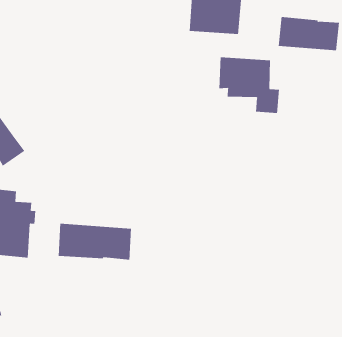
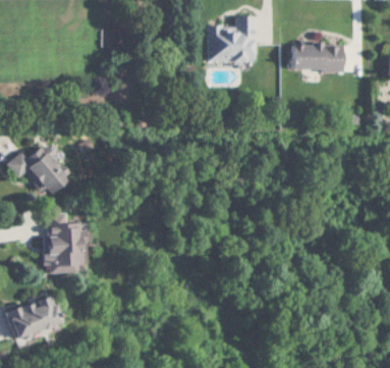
building: [219,56,279,114] -> none
building: [58,223,131,260] -> none

